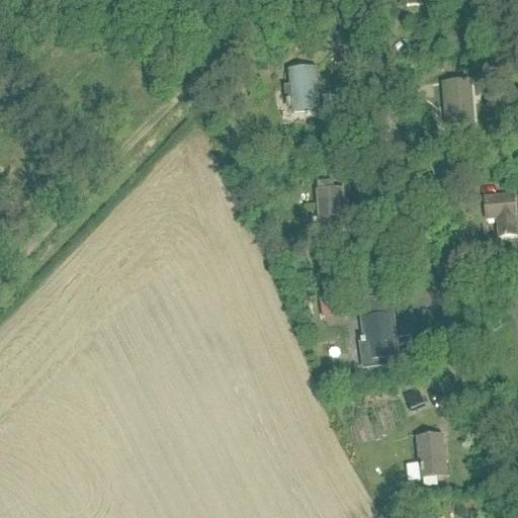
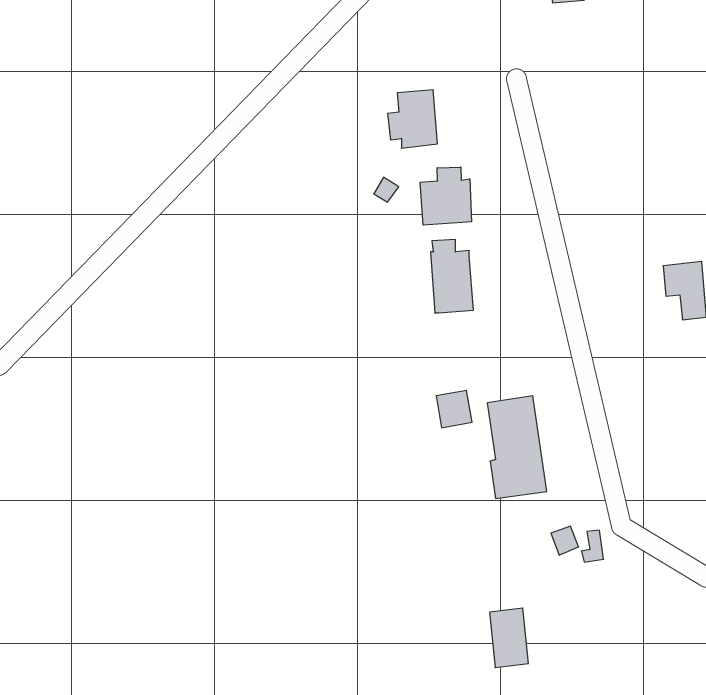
building: [444,79,472,121] -> none
building: none -> [420,167,471,225]
building: [418,432,446,476] -> [490,608,528,668]

